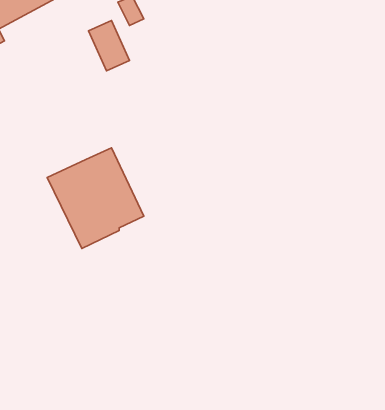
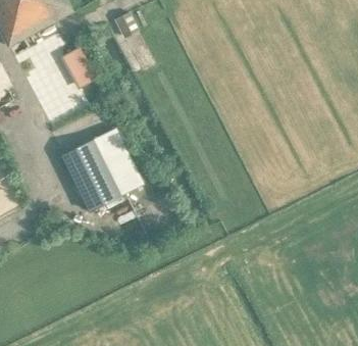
building: [88,21,130,71] -> [64,45,97,85]

